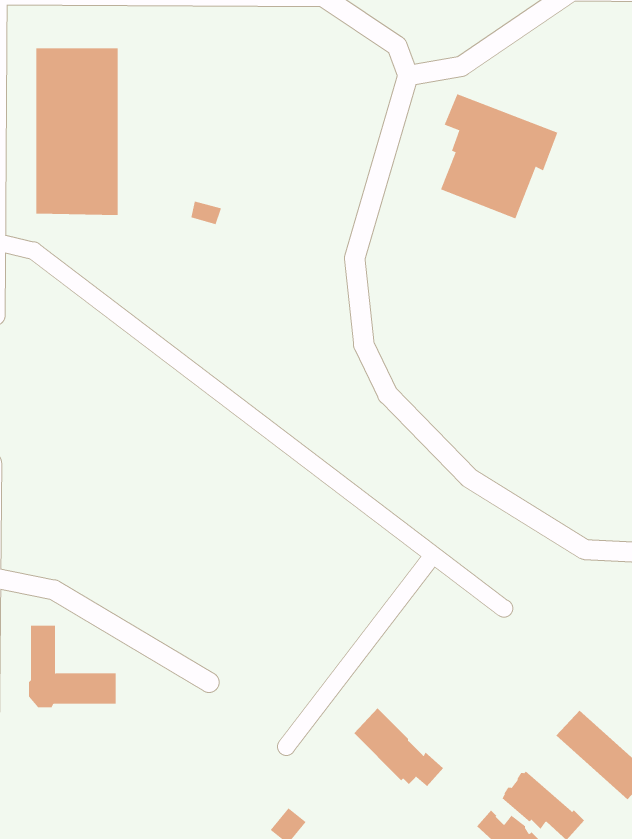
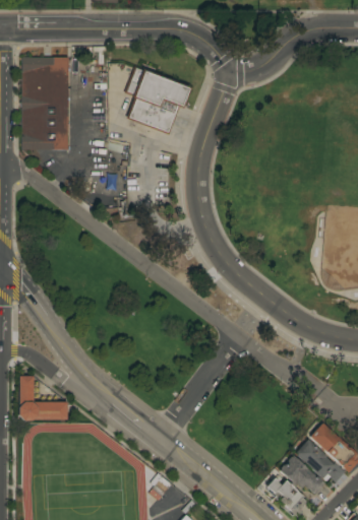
building: [440,94,558,219] -> [126,66,191,135]
building: [353,707,444,787] -> [295,439,345,482]

